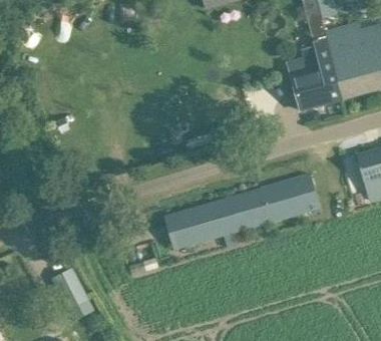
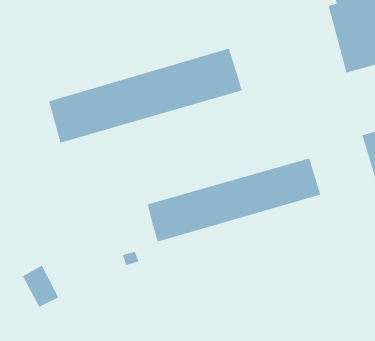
building: [289,39,340,110] -> none
building: none -> [48,48,242,144]

